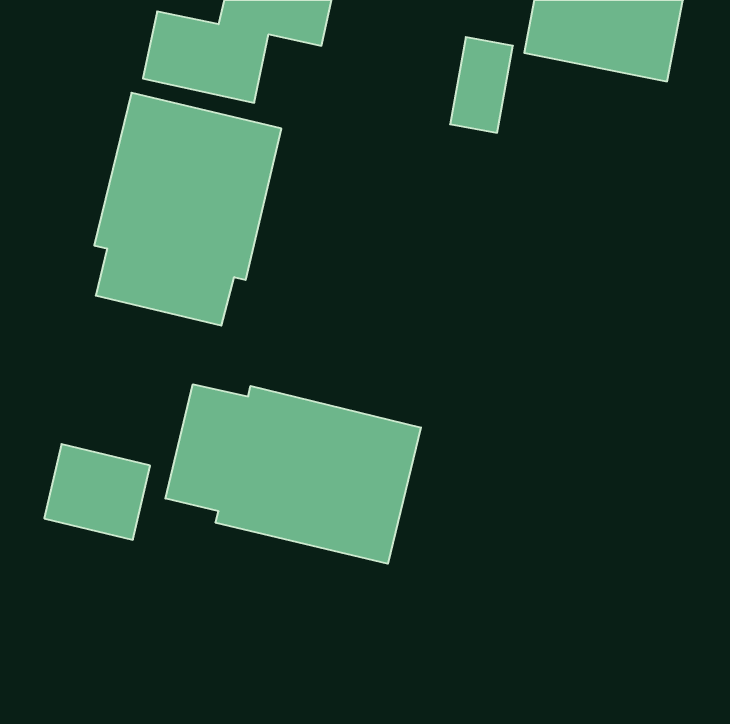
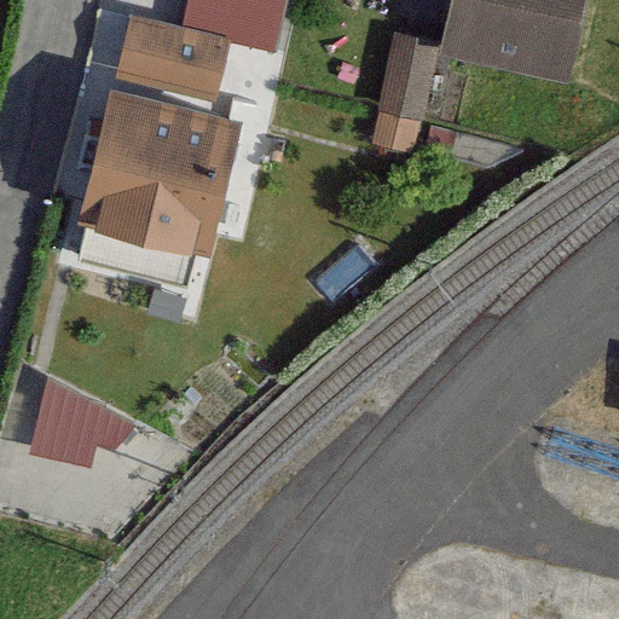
building: [165,384,421,564] -> none

